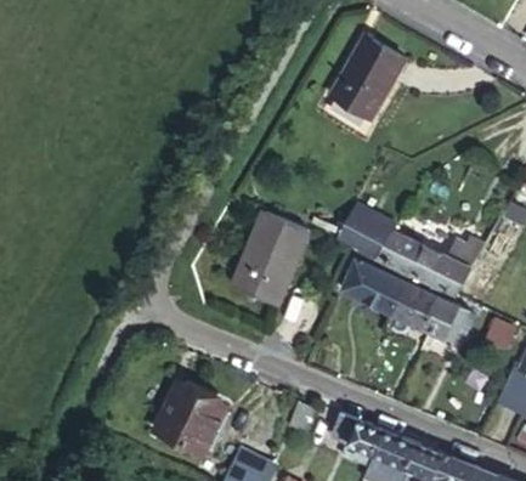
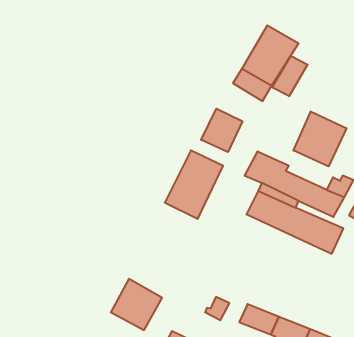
building: none -> [272,56,308,96]
building: none -> [201,109,242,152]
building: none -> [293,111,346,166]

